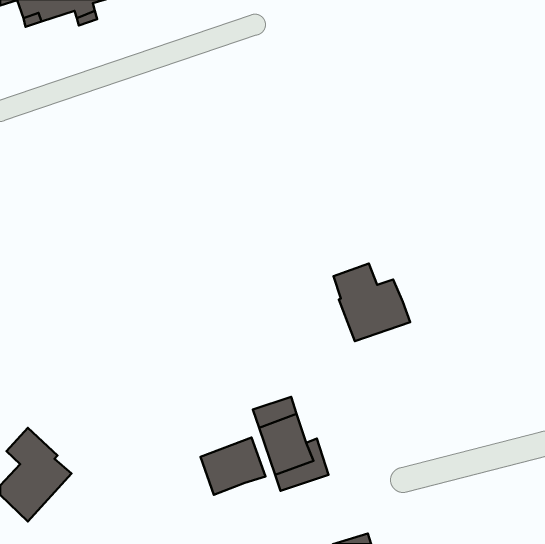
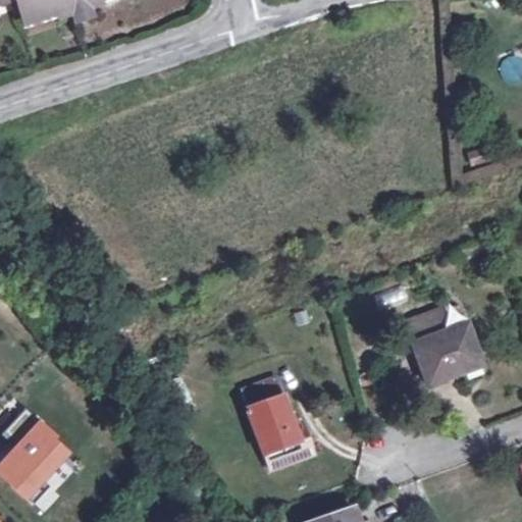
building: [334,263,410,341] -> [409,309,482,383]
building: [200,437,265,495] -> none

